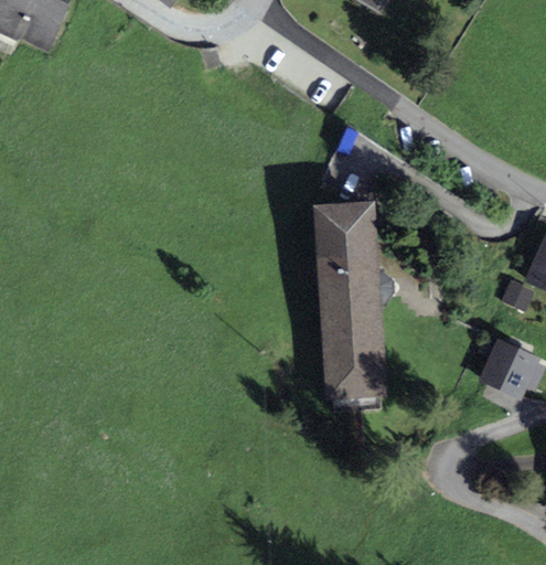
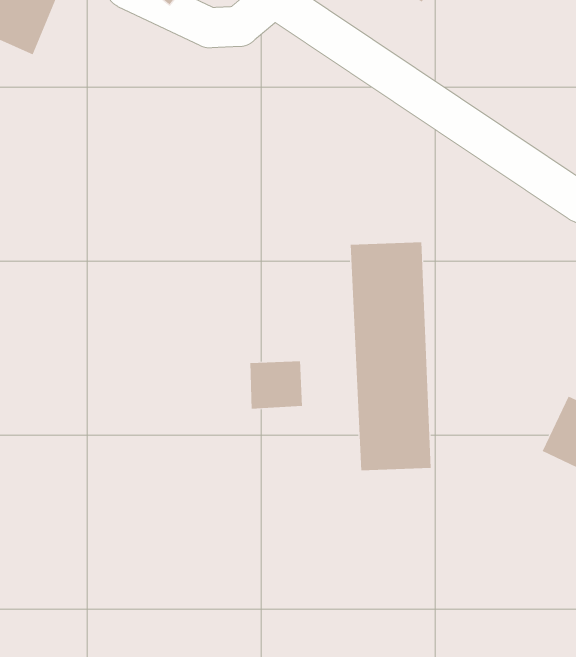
building: none -> [250,360,303,409]

